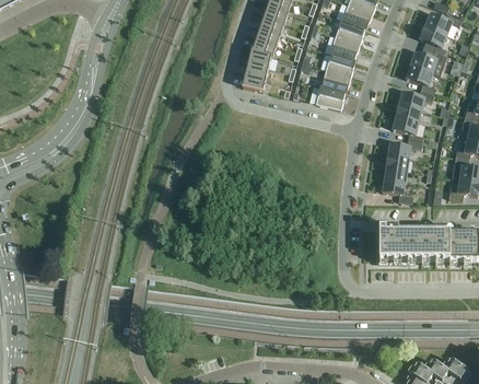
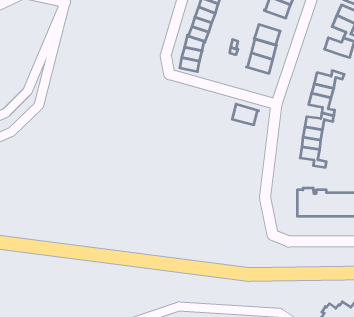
building: [334,20,365,44] -> none
building: [406,65,435,94] -> none
building: [315,85,346,109] -> [232,104,259,125]

